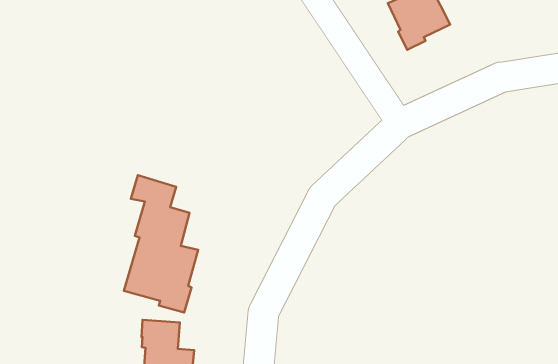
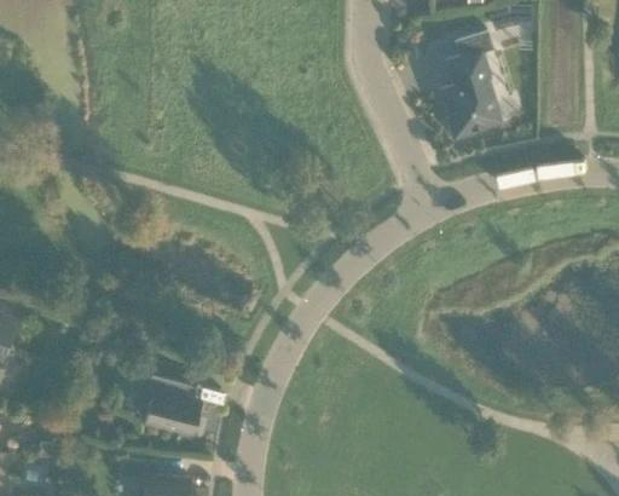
building: [124,175,198,313] -> none

